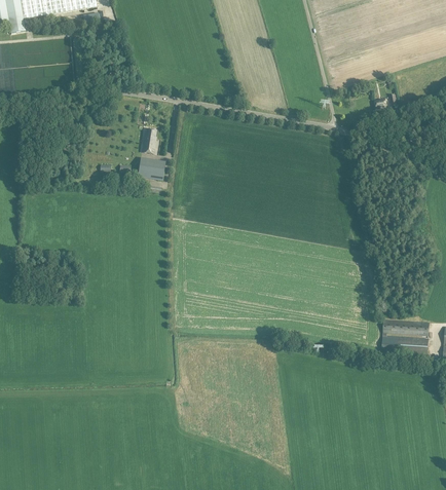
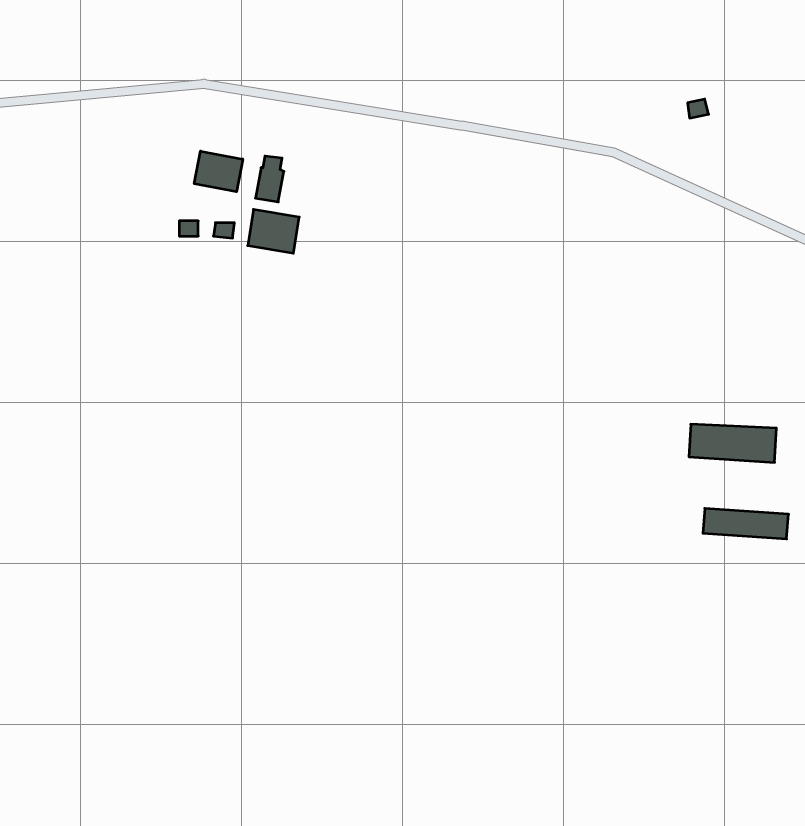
building: none -> [194,151,243,192]
building: [381,331,429,351] -> [689,424,776,462]

